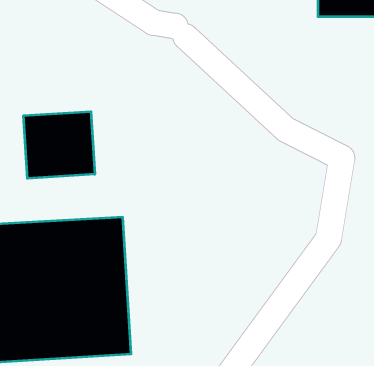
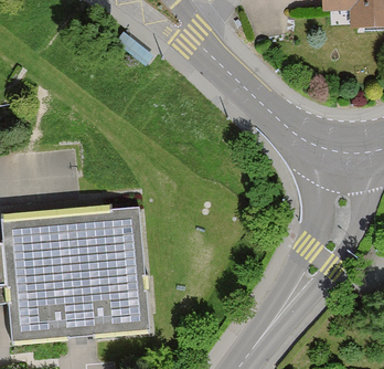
building: [24,112,95,178] -> none

